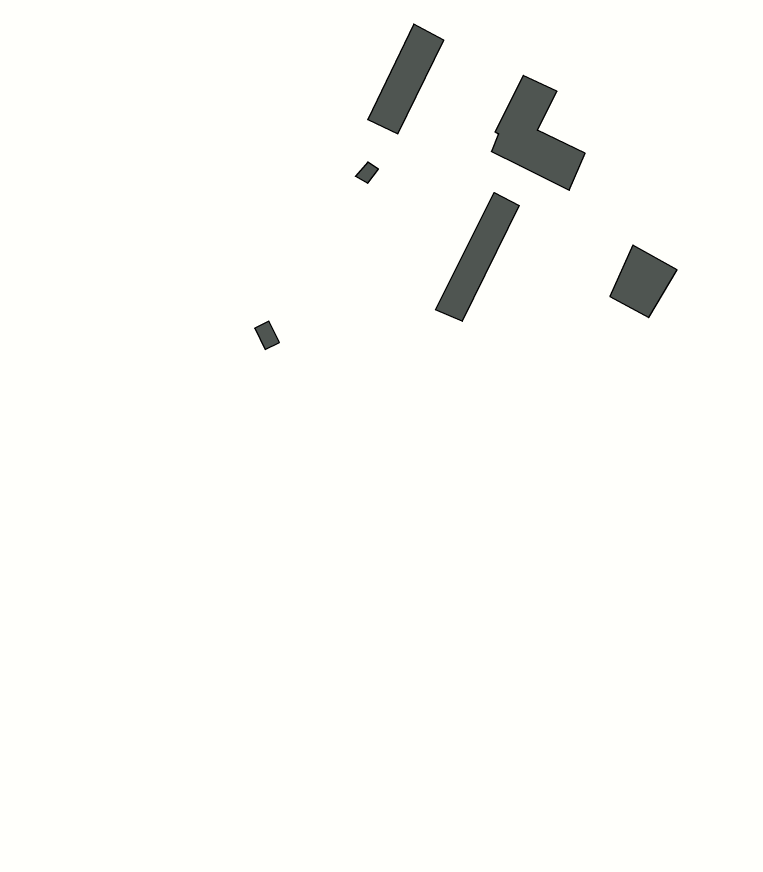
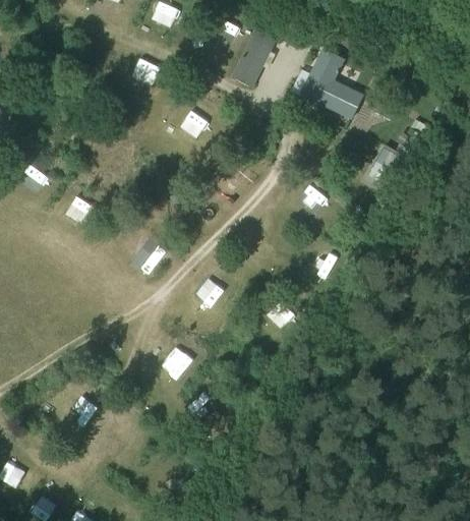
building: [436,193,519,321] -> none

